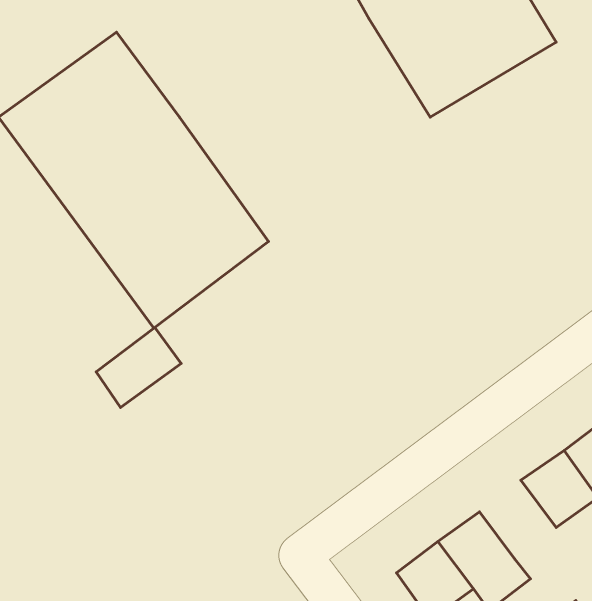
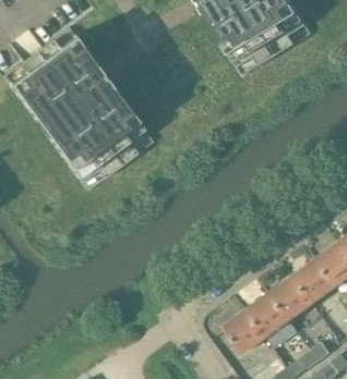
building: [96,328,181,407] -> none
building: none -> [270,276,312,319]

